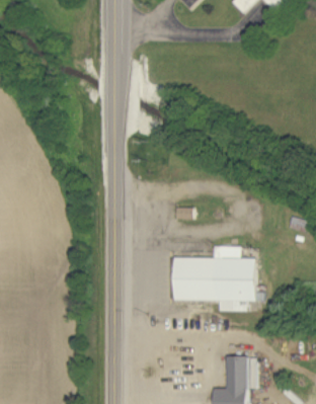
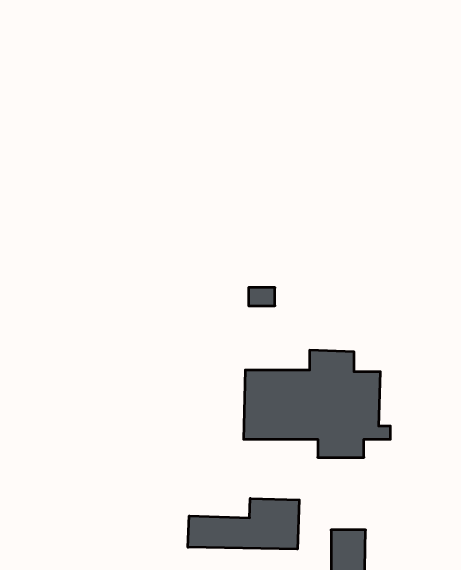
building: none -> [188,498,299,549]

